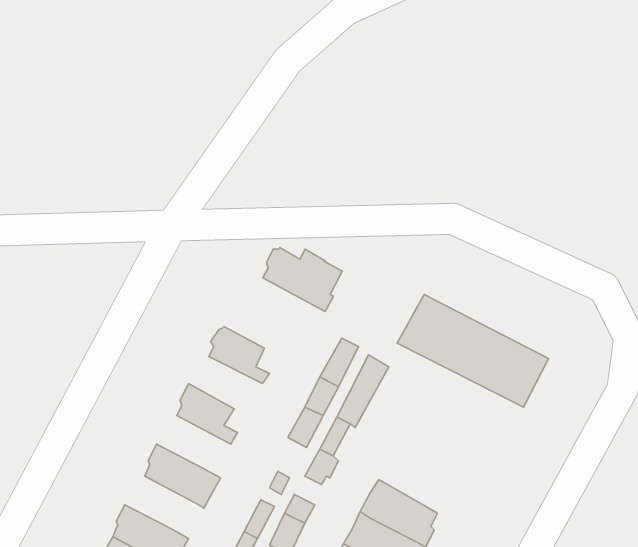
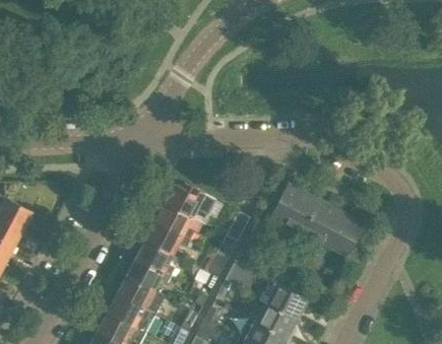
building: [263,248,342,311] -> [167,188,214,226]
building: none -> [145,224,190,256]
building: none -> [126,260,171,291]
building: none -> [260,282,307,319]
building: none -> [107,296,154,334]

